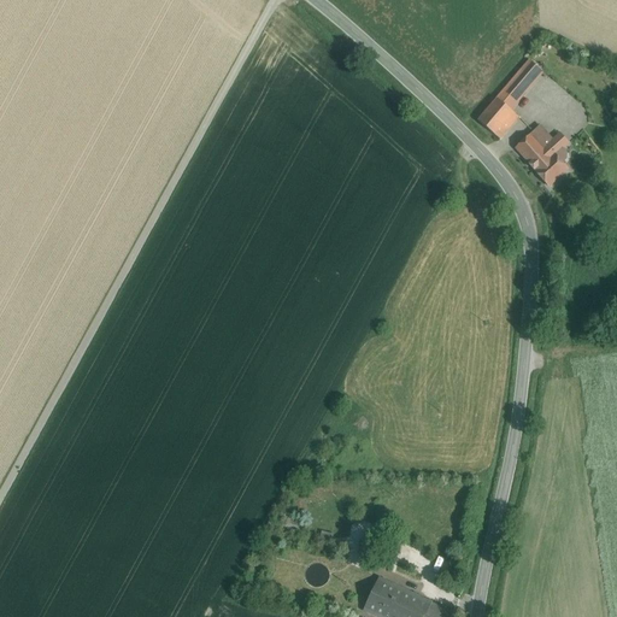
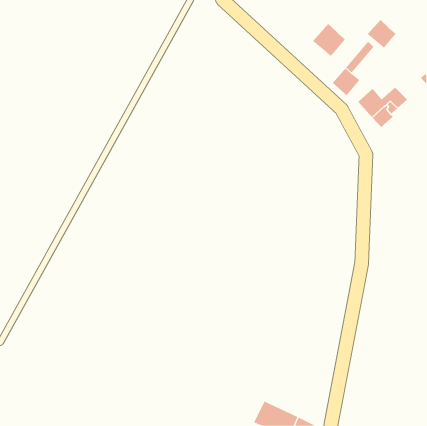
building: none -> [367,19,396,48]
building: none -> [312,23,346,57]

